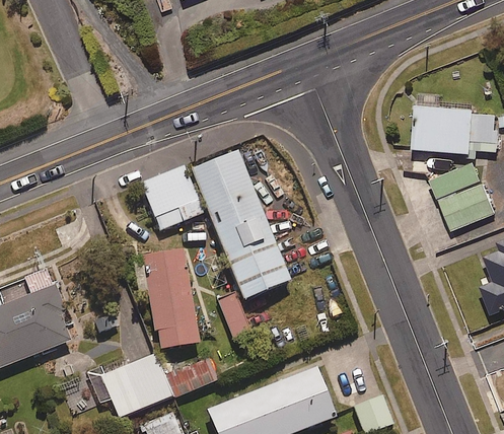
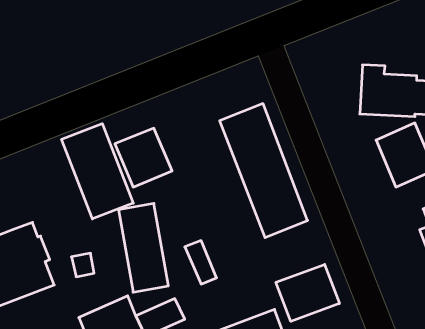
building: [193,150,291,300] -> [220,104,308,238]
building: none -> [62,124,133,219]
building: none -> [276,264,339,321]

